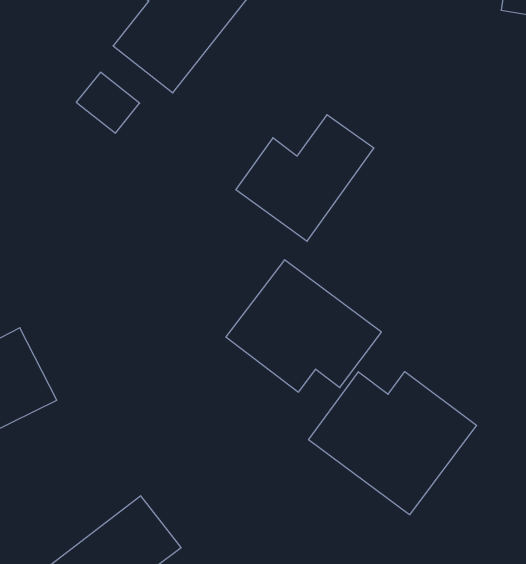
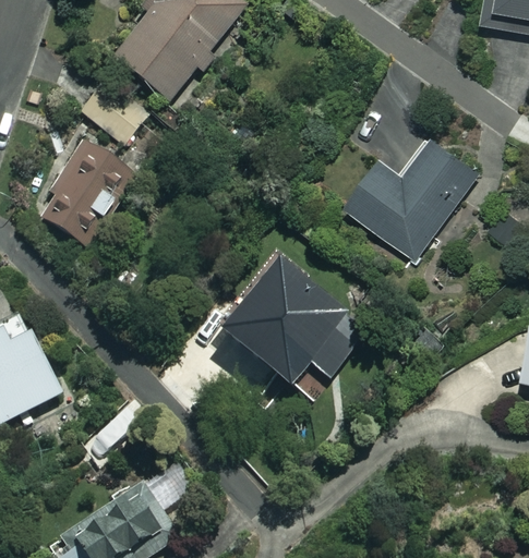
building: [236,115,374,241] -> [347,136,478,256]
building: none -> [35,137,127,247]
building: [309,372,477,515] -> none

